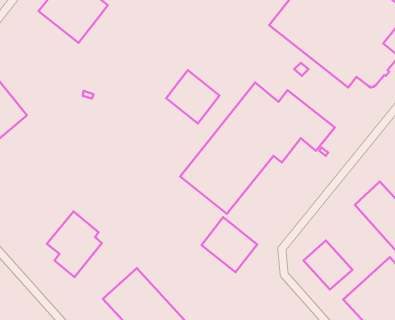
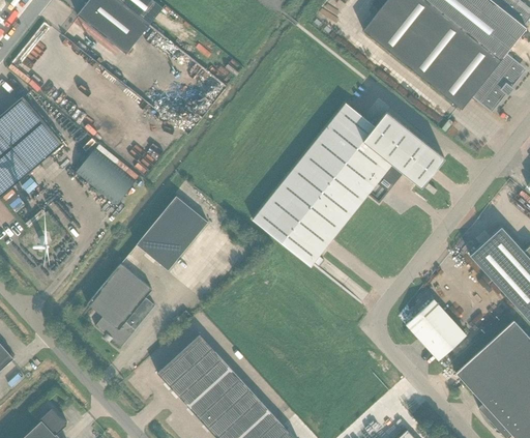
building: [166,70,220,123] -> none
building: none -> [76,149,135,205]
building: none -> [136,196,207,269]
building: [201,217,257,272] -> none

